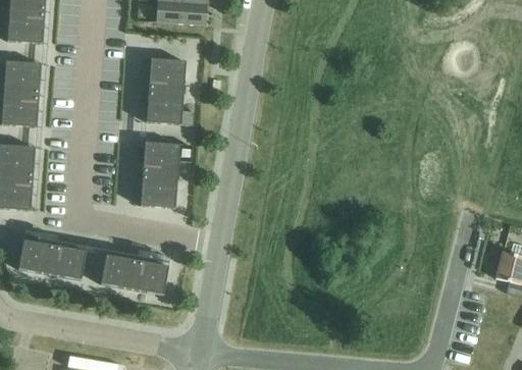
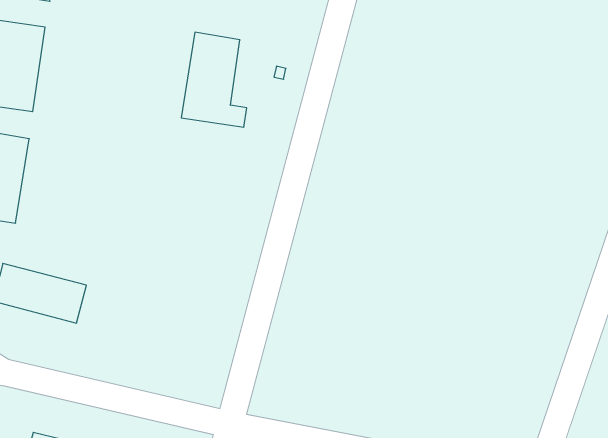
building: [140,141,191,207] -> none
building: [100,254,167,294] -> none

